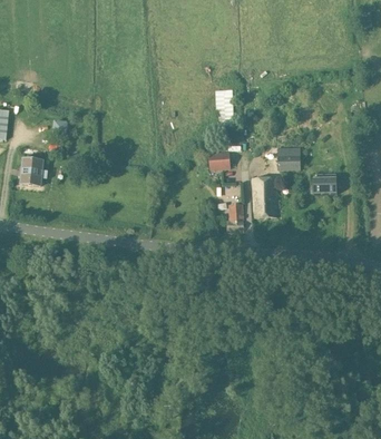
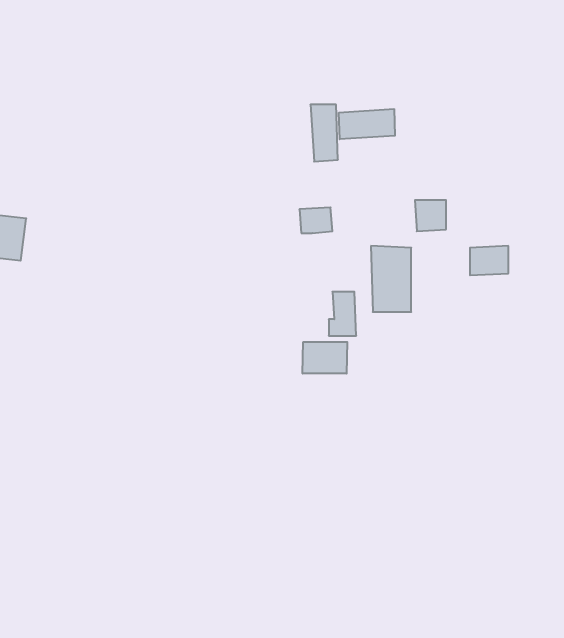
building: none -> [339,109,395,139]
building: none -> [303,342,347,374]

